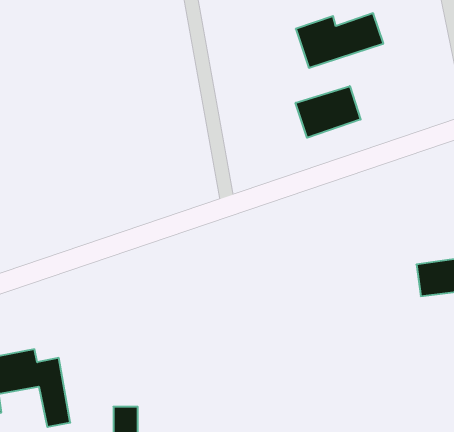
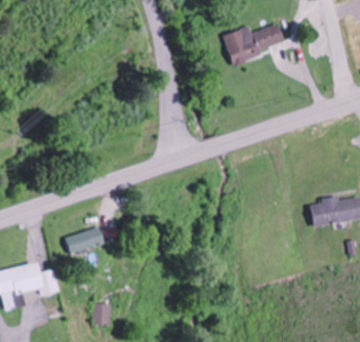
building: [296,86,361,138] -> none
building: none -> [66,227,104,253]

